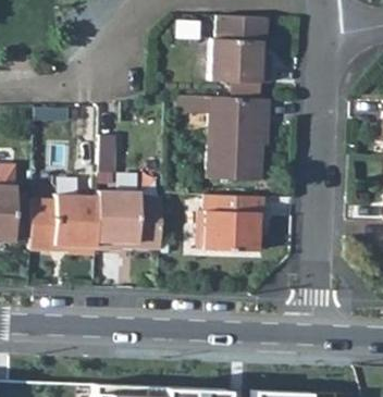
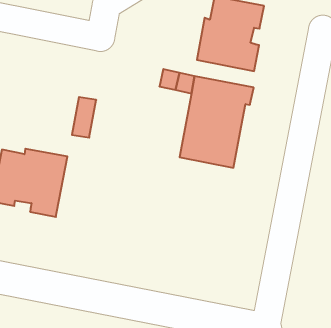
building: [95,189,161,251] -> none
building: [202,194,264,251] -> none

